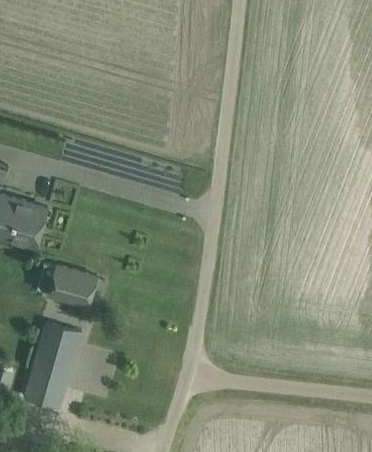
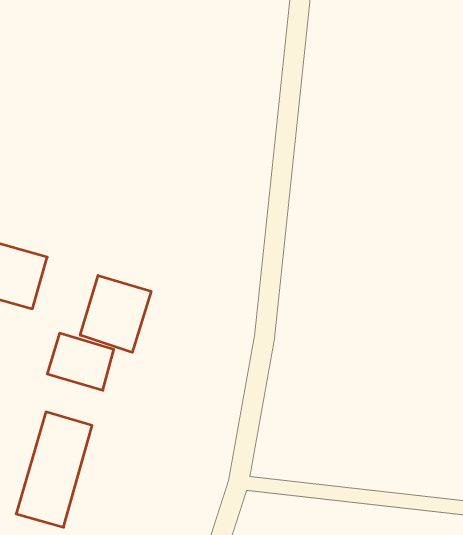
building: none -> [80,275,151,352]

